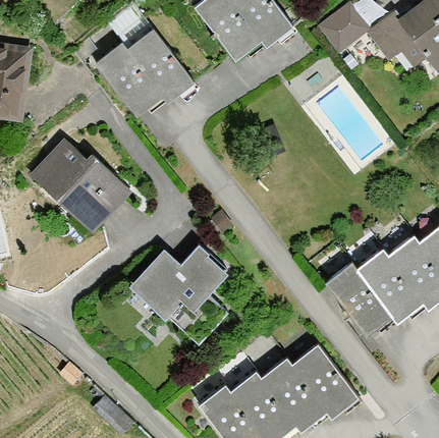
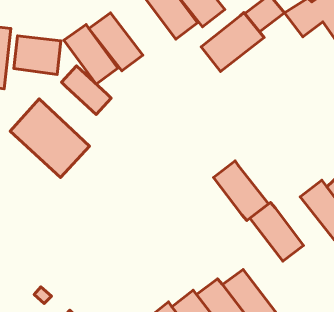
building: none -> [201,12,264,71]
building: none -> [14,36,61,75]
building: none -> [61,66,111,115]
building: [134,245,228,320] -> none
building: [356,250,424,323] -> [214,161,268,220]

